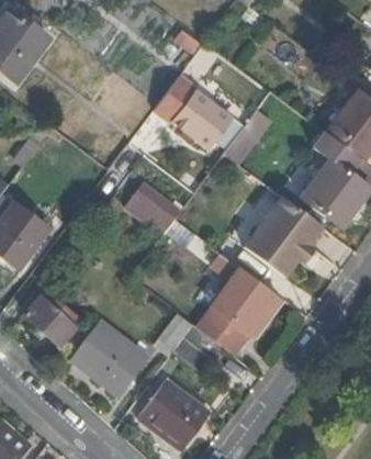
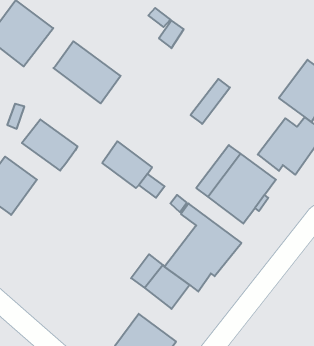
building: [157,76,234,147] -> [53,41,121,103]
building: none -> [22,119,77,171]
building: [25,290,83,345] -> none
building: [70,321,147,394] -> none

